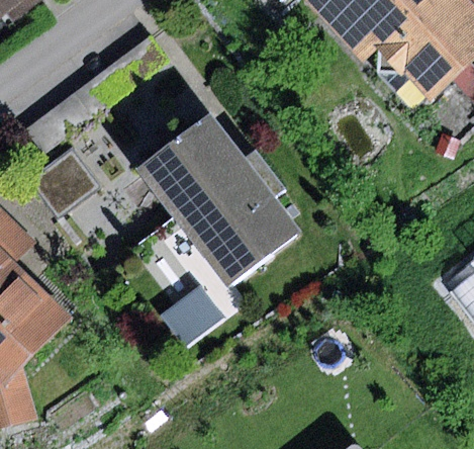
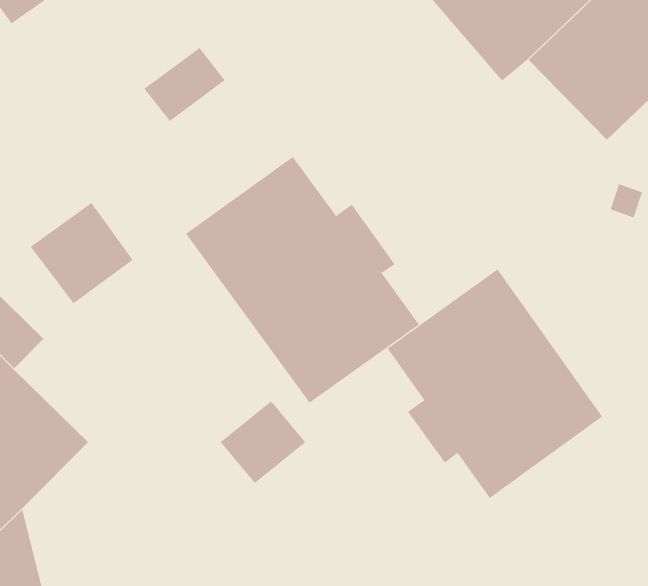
building: none -> [387,269,603,499]

